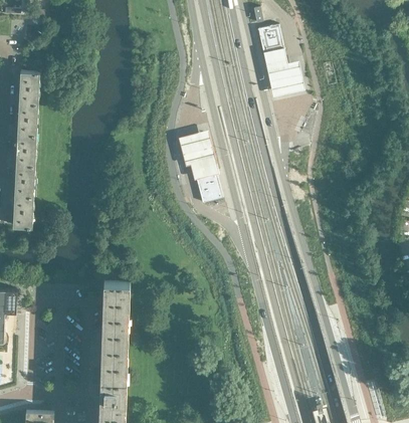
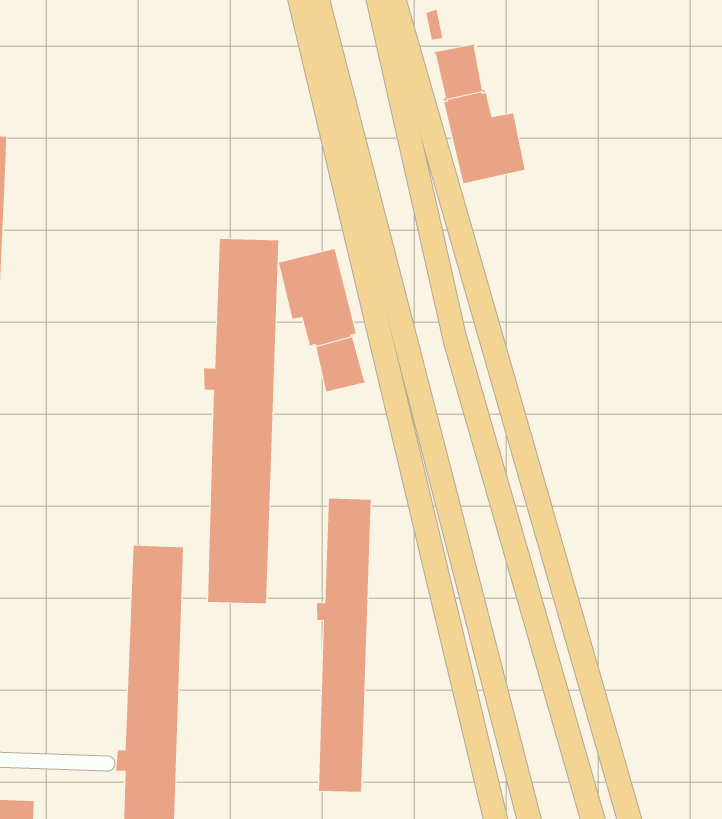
building: none -> [204,238,279,604]
building: none -> [316,498,371,793]

